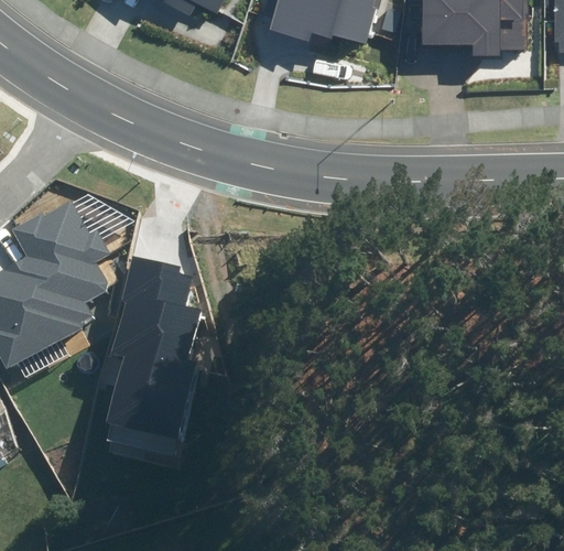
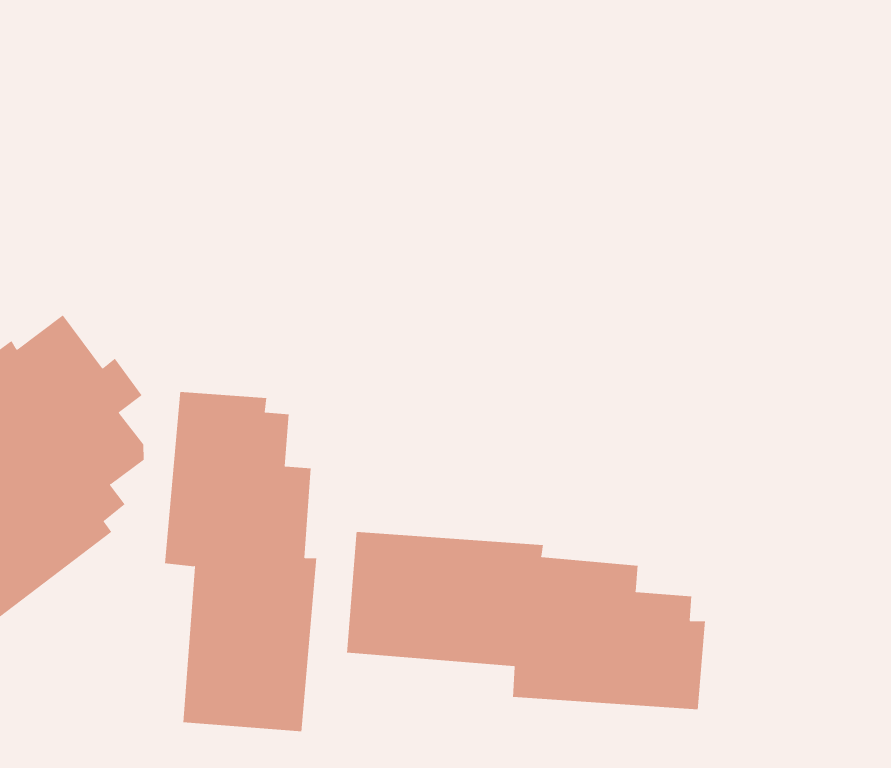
building: none -> [347,531,706,710]

